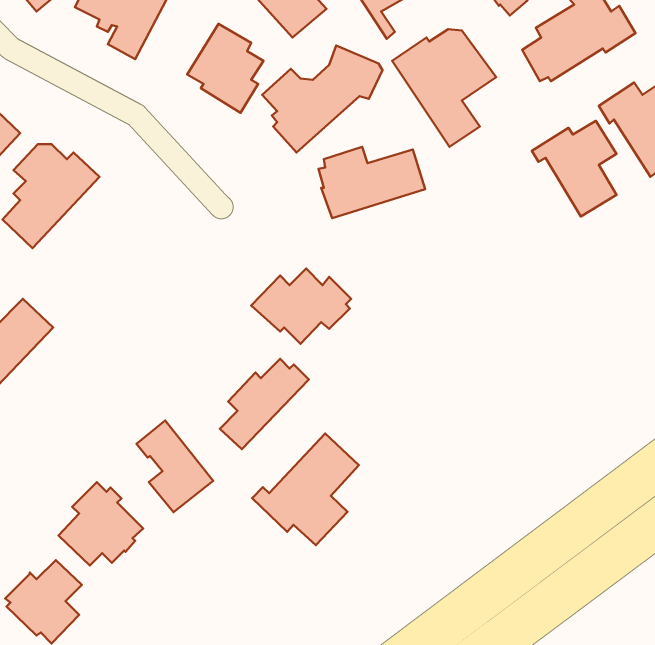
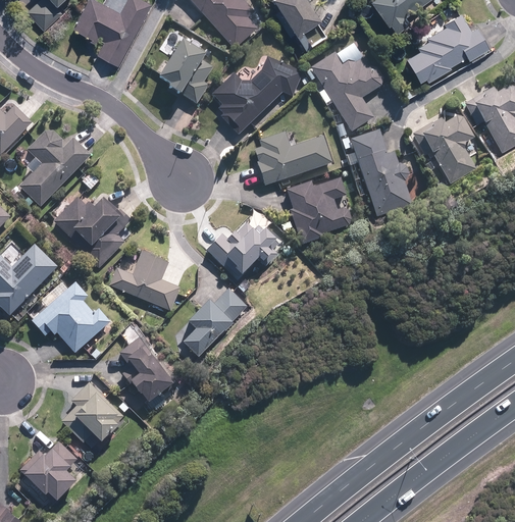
building: none -> [349,127,412,217]
building: none -> [286,176,351,245]
building: none -> [53,196,131,268]
building: none -> [109,250,181,310]
building: none -> [32,273,111,354]
building: [252,433,359,545] -> none

